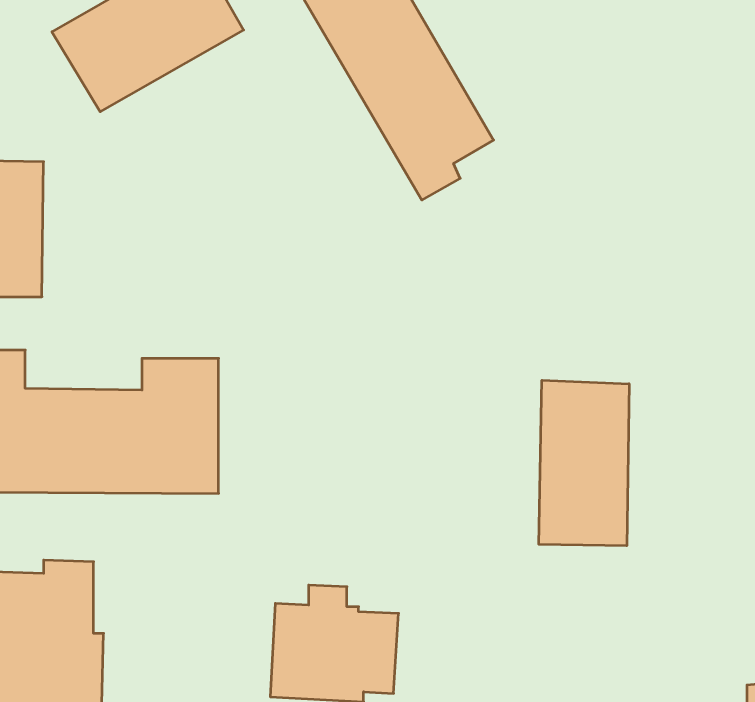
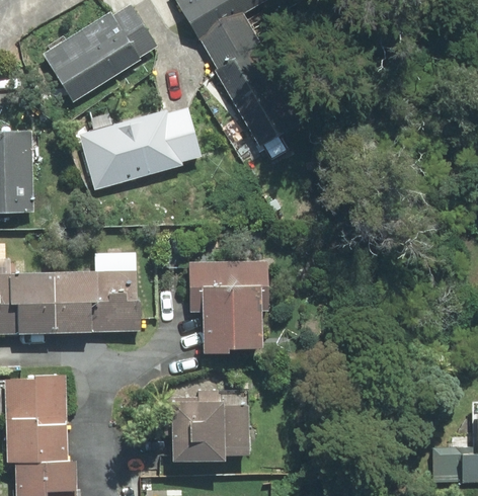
building: none -> [76,106,202,193]
building: none -> [160,244,272,354]
building: [539,380,629,546] -> none

